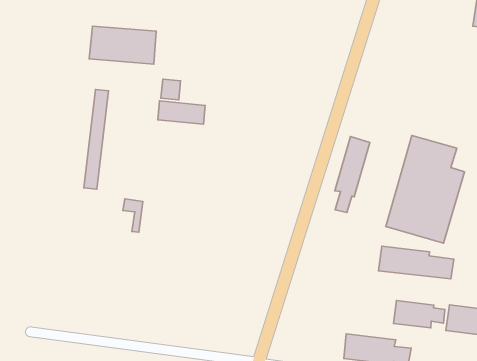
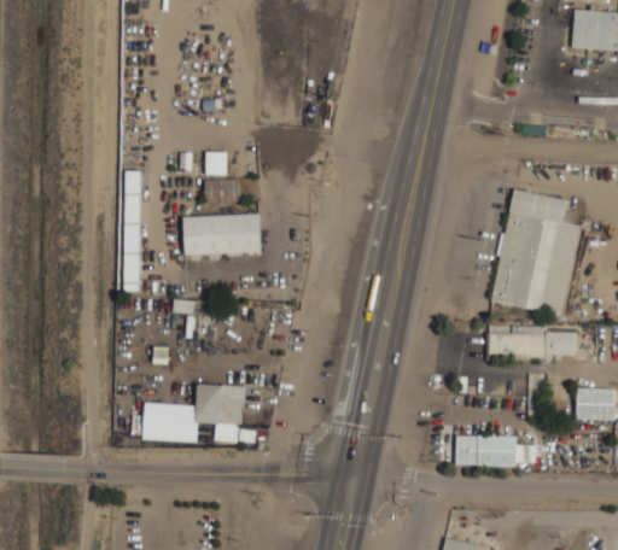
building: [89,26,156,64] -> [183,213,262,254]
building: [335,137,370,212] -> none
building: none -> [142,382,255,443]
building: [394,301,445,328] -> none

